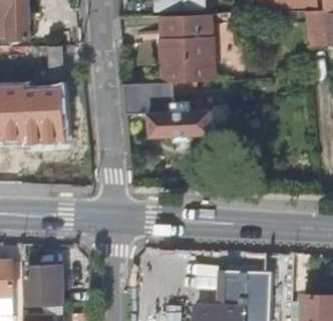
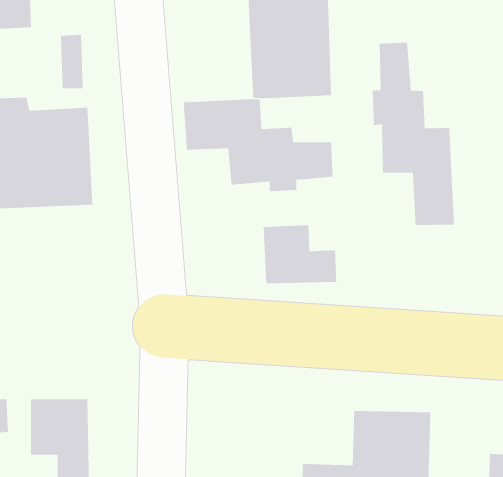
building: none -> [372,42,454,226]
building: none -> [263,224,337,284]

